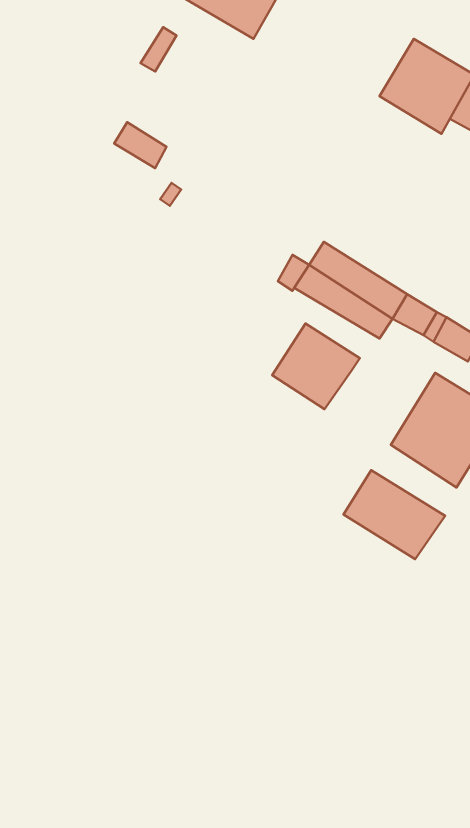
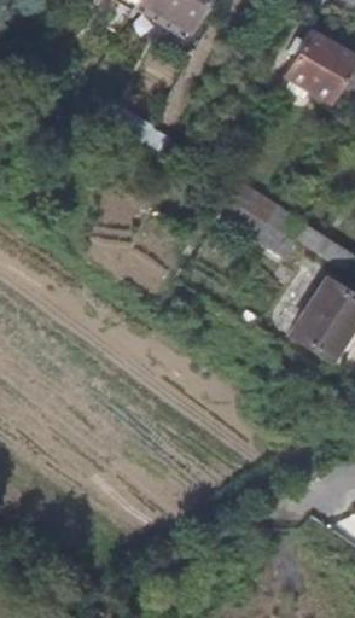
building: [272,324,360,409] -> none
building: [344,470,445,559] -> none

